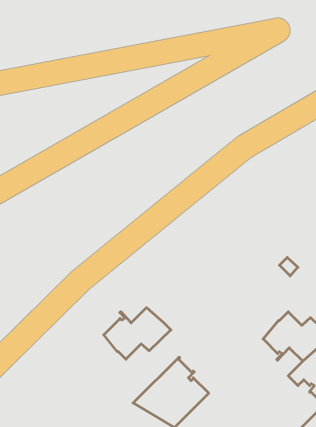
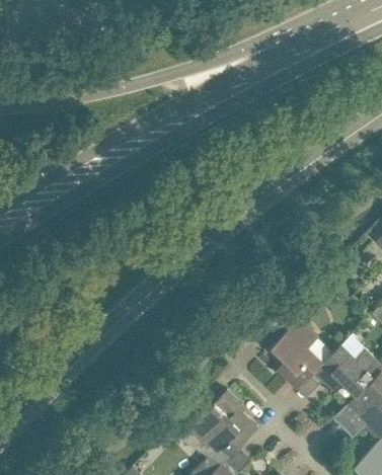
building: none -> [272,320,331,391]
building: [104,308,171,359] -> none

